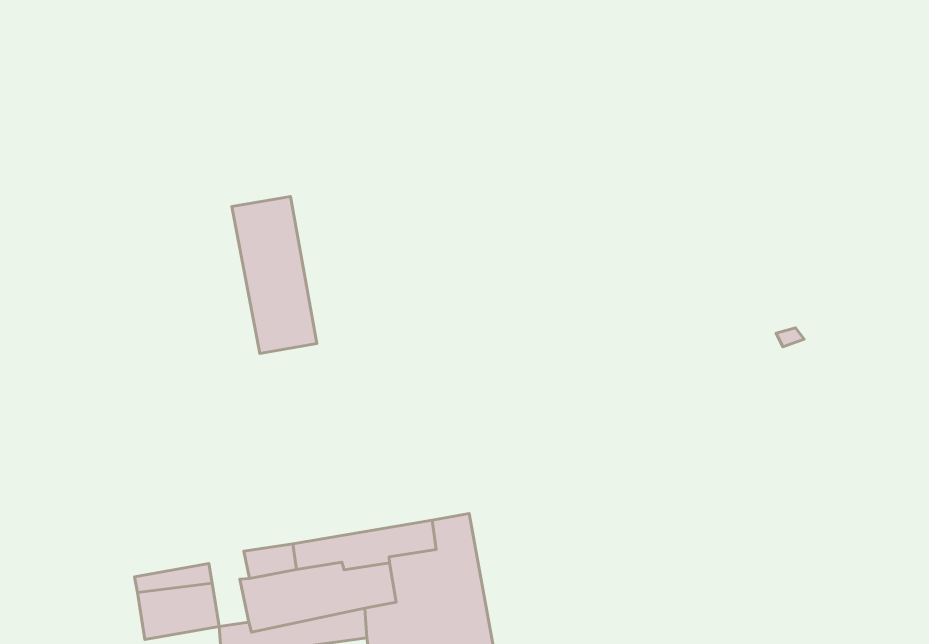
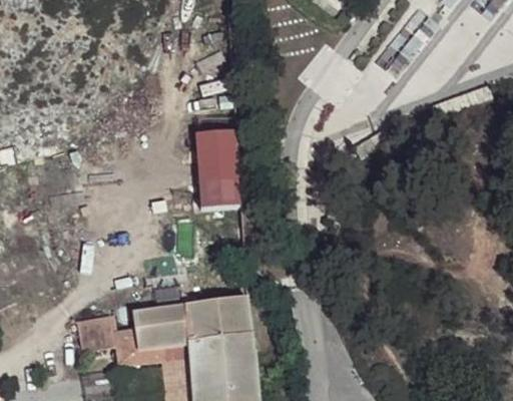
building: [232,196,317,353] -> [196,128,234,207]

